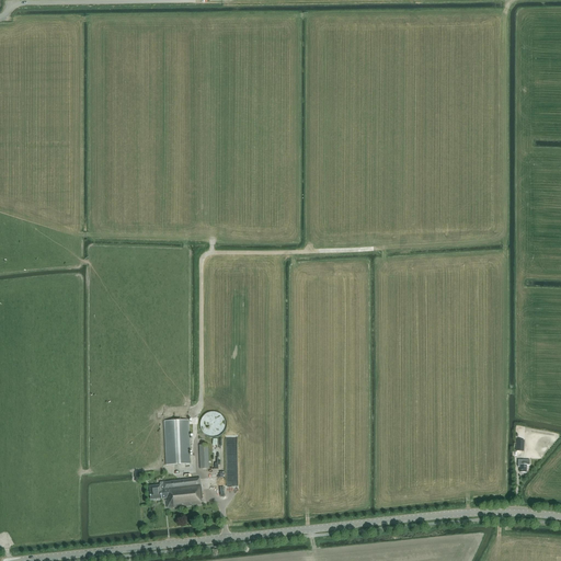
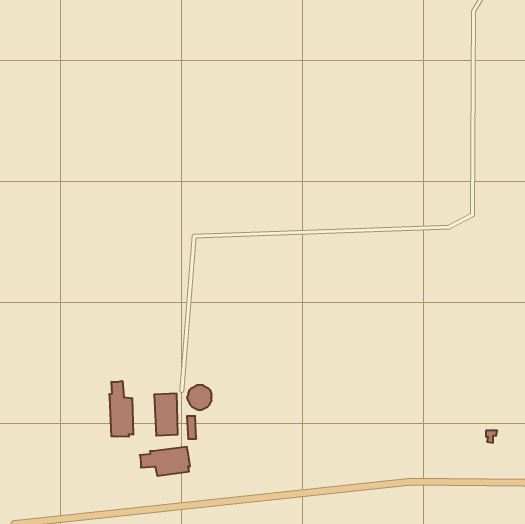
building: none -> [109,381,133,437]

